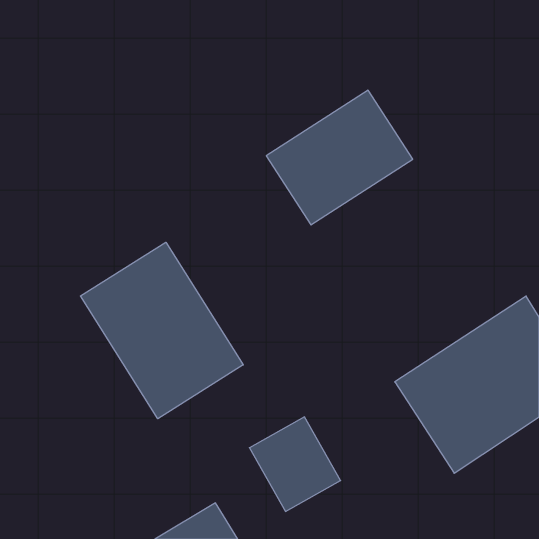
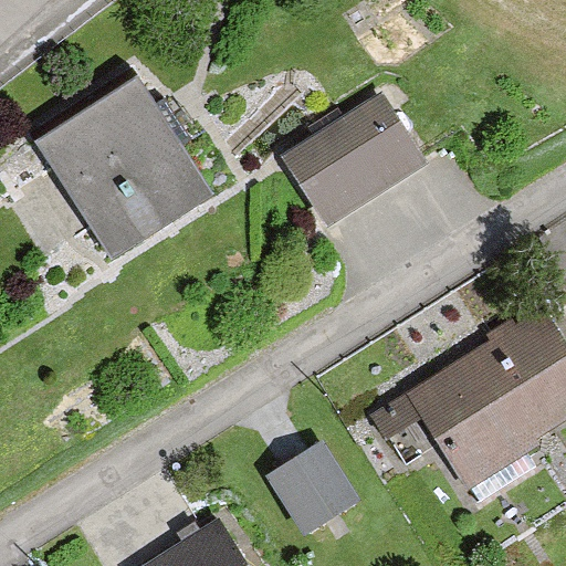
building: none -> [30,66,213,258]
building: [80,242,243,419] -> none

